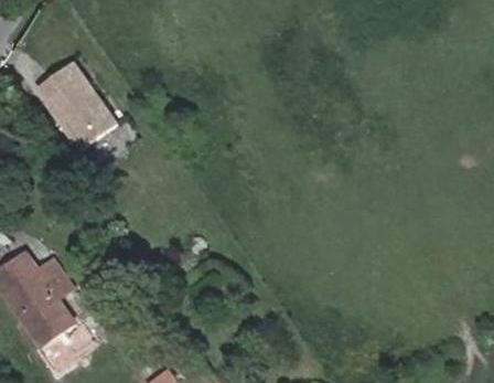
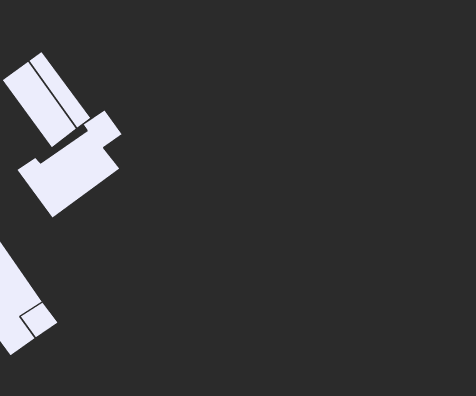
building: none -> [16,109,122,218]

